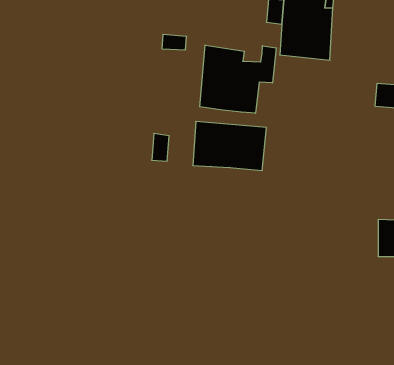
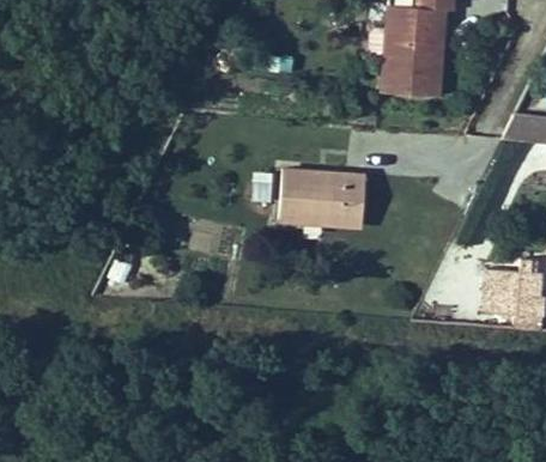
building: [200,45,276,113] -> none

